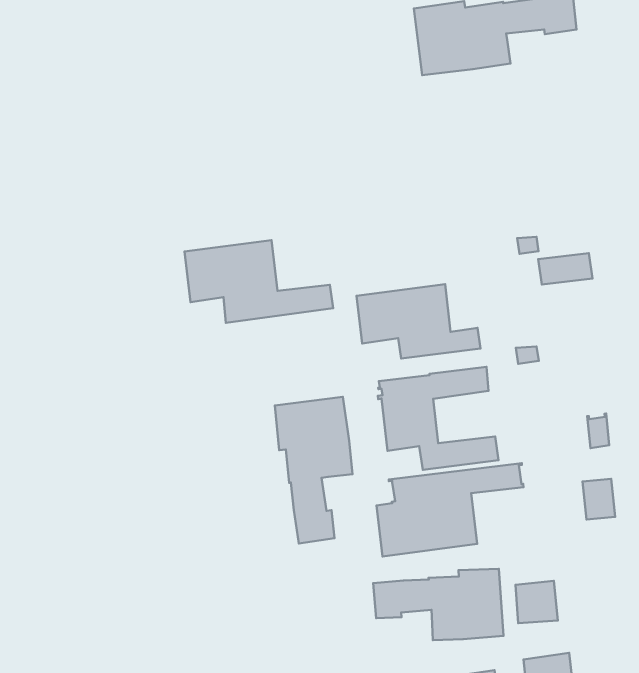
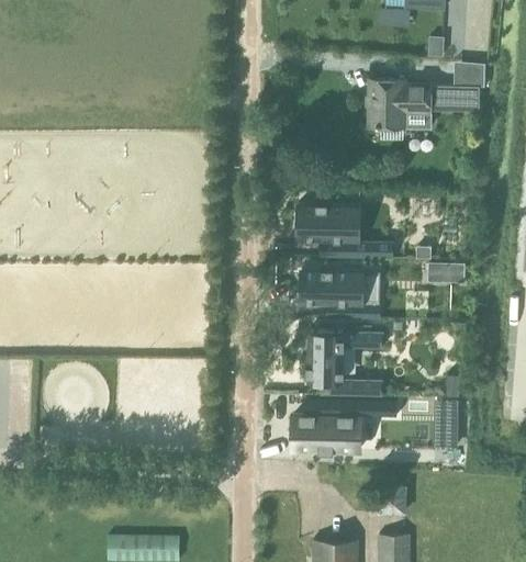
building: [184,240,333,323] -> [298,204,394,258]
building: [275,397,352,543] -> none
building: [373,569,503,640] -> none

